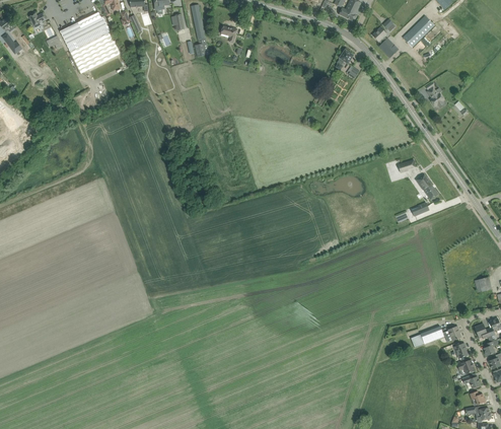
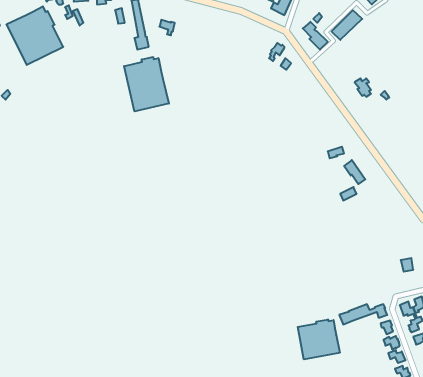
building: none -> [124,57,169,111]
building: none -> [298,319,340,359]

